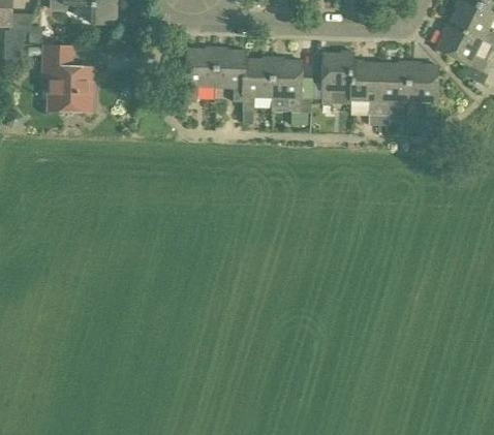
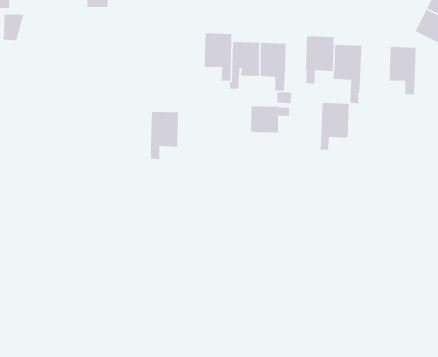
building: [43,44,91,110] -> none
building: [186,48,216,99] -> [150,111,179,160]
building: [379,62,410,113] -> [320,102,349,150]
building: none -> [250,105,290,133]

